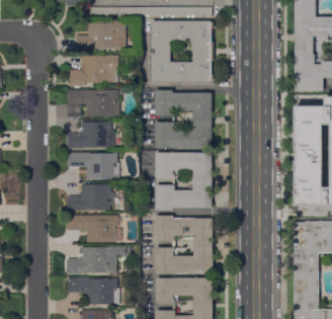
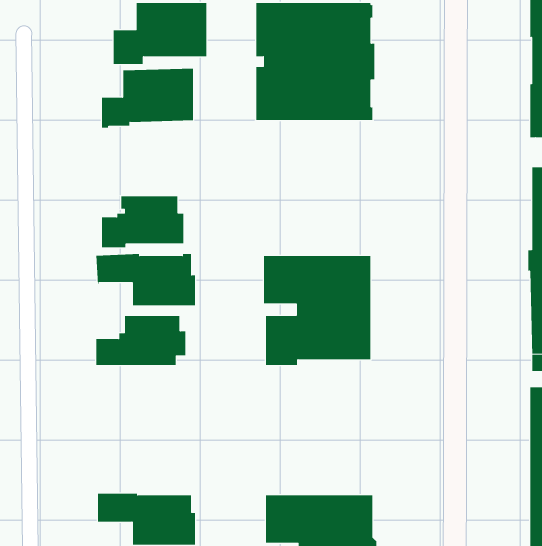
building: [65,90,118,117] -> none
building: [154,90,211,148] -> none
building: [65,215,120,242] -> none
building: [154,216,212,273] -> none
building: [66,246,130,273] -> none

